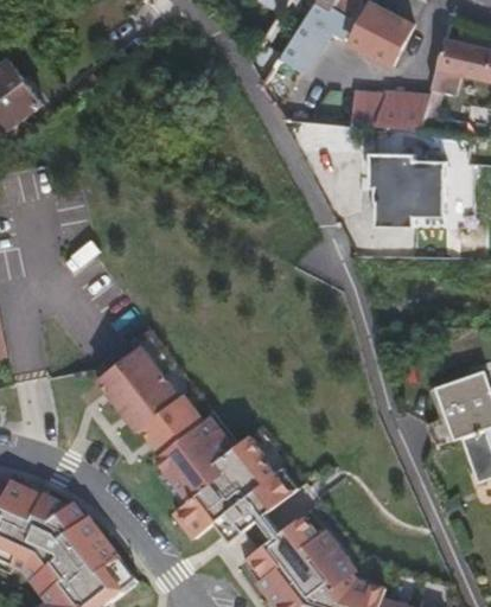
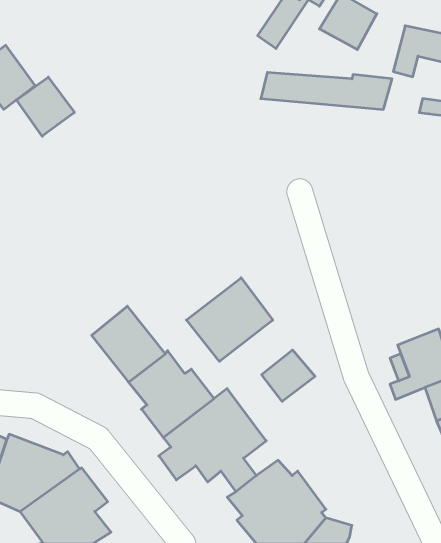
building: none -> [16,77,74,136]
building: [366,148,444,224] -> none
building: none -> [186,278,273,361]
building: none -> [262,350,315,401]

